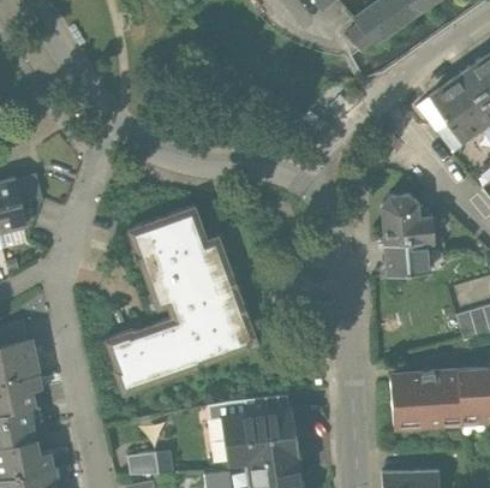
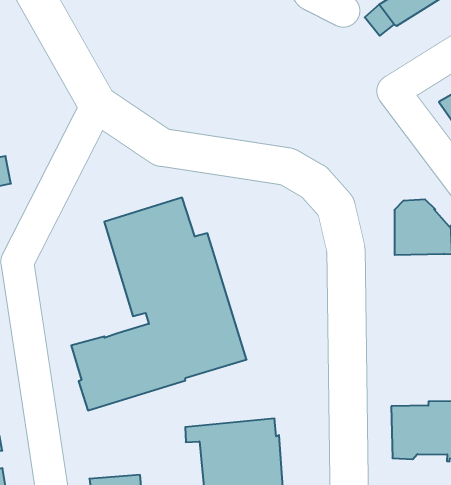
building: [384,240,430,274] -> none

